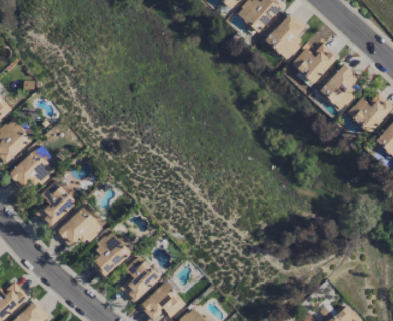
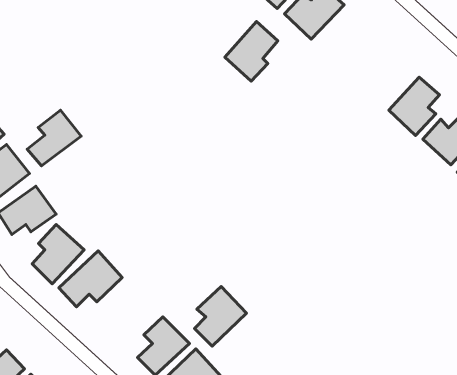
building: [264,12,307,60] -> [225,22,278,81]
building: [291,42,338,84] -> none
building: none -> [27,110,81,166]
building: [90,231,132,278] -> [194,286,247,346]

